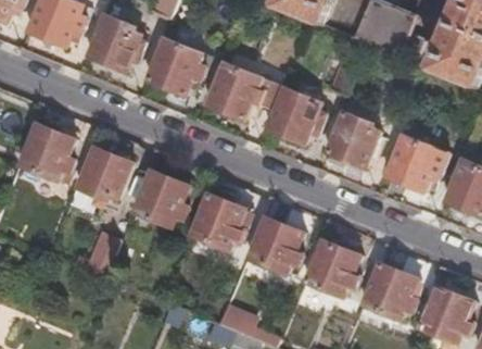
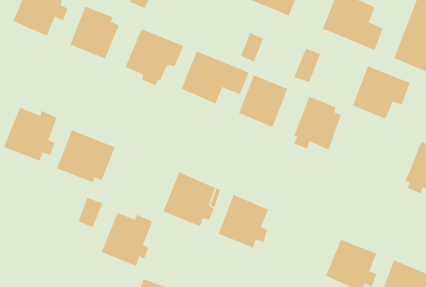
building: [386,134,448,191] -> [352,65,410,120]
building: [134,169,189,226] -> [101,212,153,266]
building: [305,238,359,296] -> none

